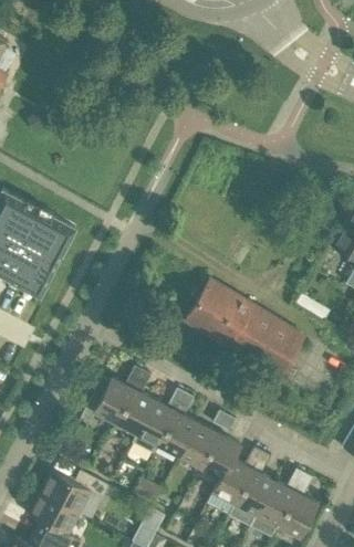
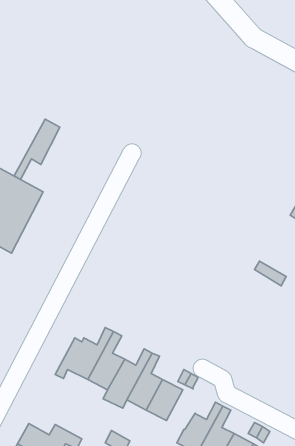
building: none -> [14,119,60,180]
building: [185,280,304,378] -> none
building: [201,434,240,477] -> none

